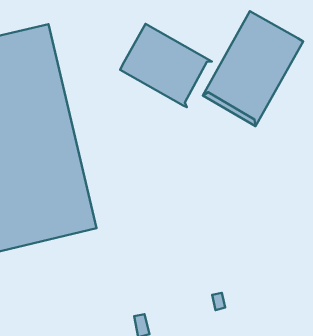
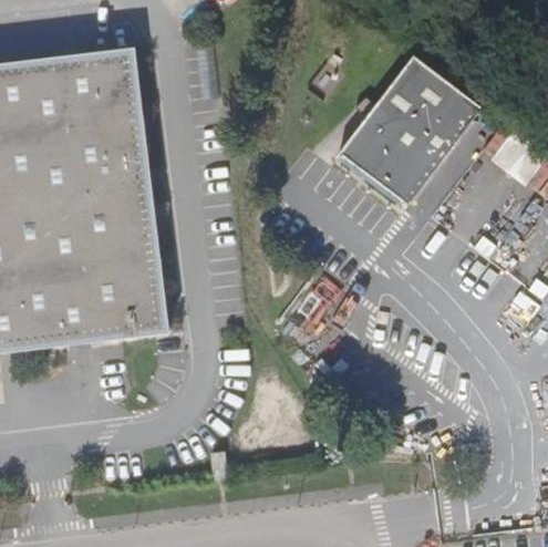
building: [120,24,212,107] -> none

